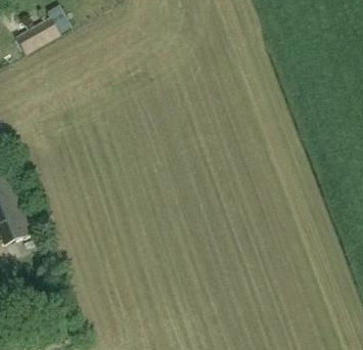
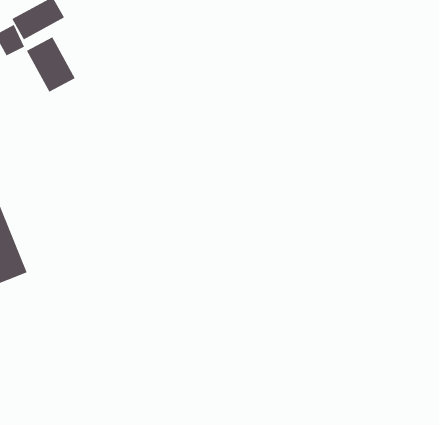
building: none -> [26,36,76,93]

